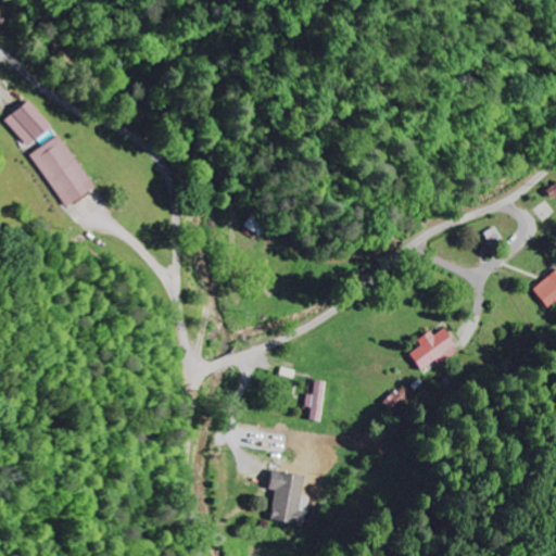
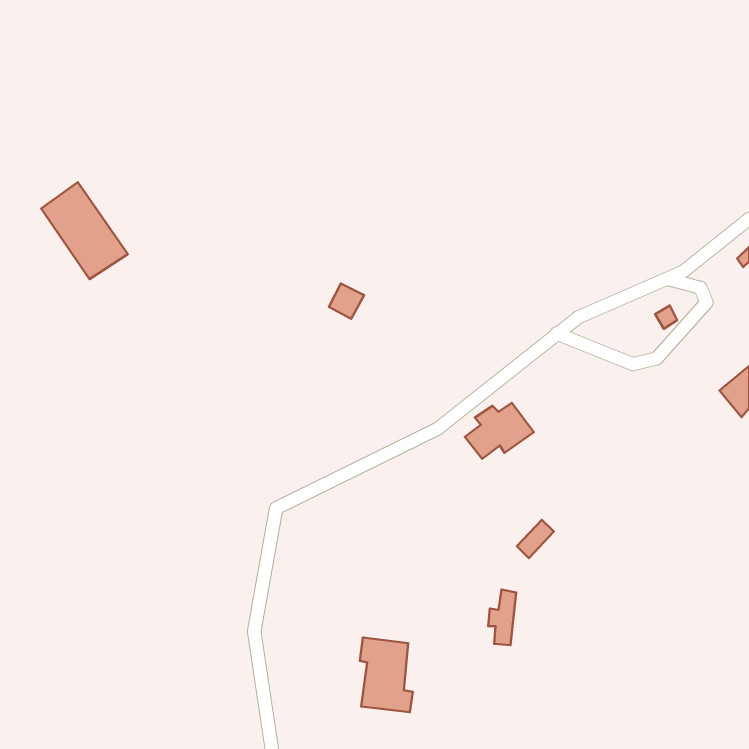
building: [4,100,51,146] -> none
building: [407,329,458,370] -> [465,403,534,459]
building: [303,380,324,421] -> [488,589,516,645]

